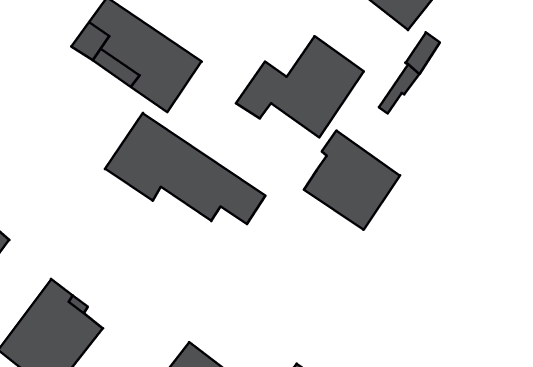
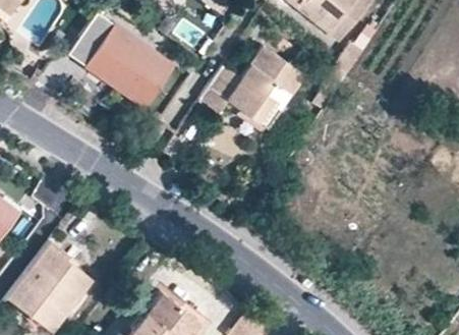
building: [105,113,265,224] -> none
building: [304,131,400,230] -> none

